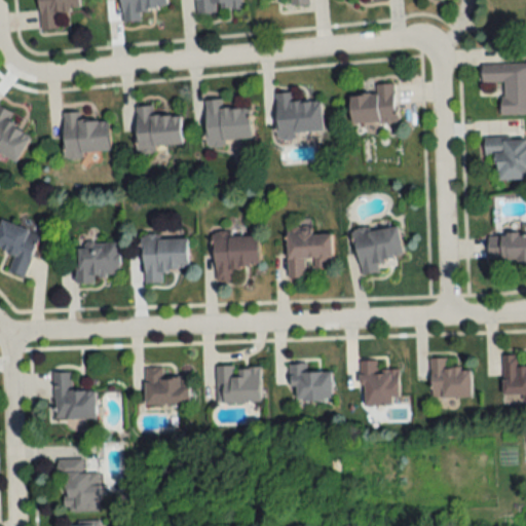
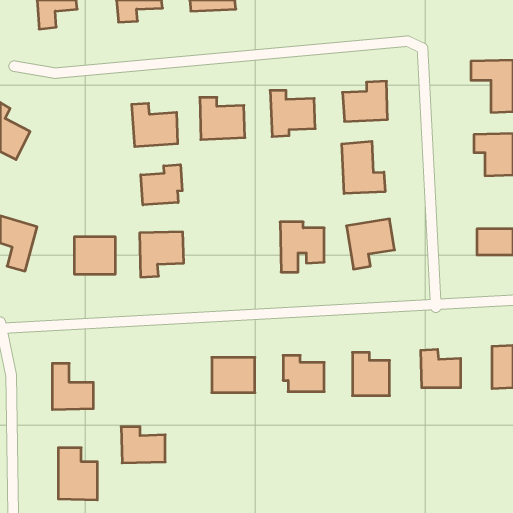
building: [63,112,110,156] -> none
building: none -> [342,141,385,194]
building: none -> [141,165,182,205]
building: [214,234,259,281] -> none
building: [144,368,189,405] -> [121,427,165,463]

